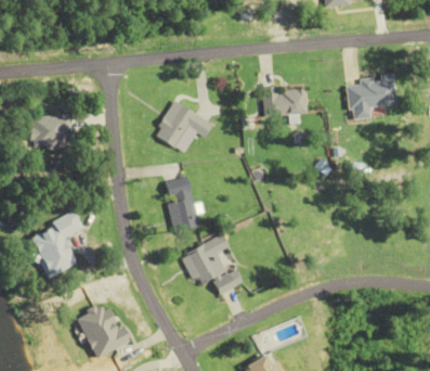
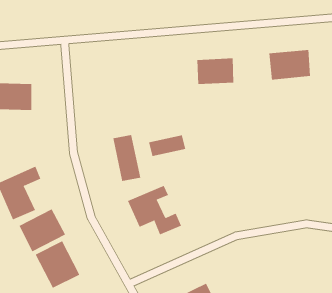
building: [153,101,200,148] -> none
building: none -> [149,135,186,157]
building: none -> [19,209,66,252]

